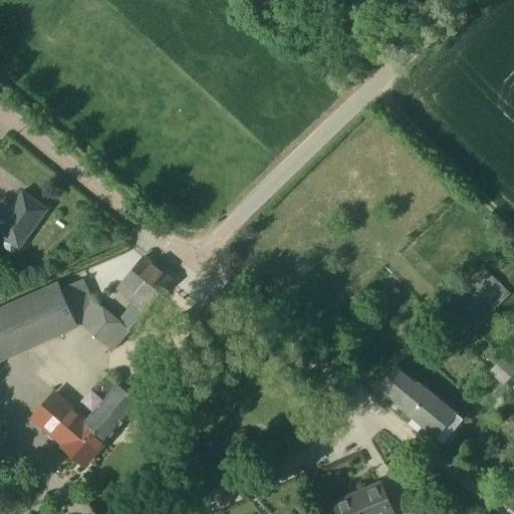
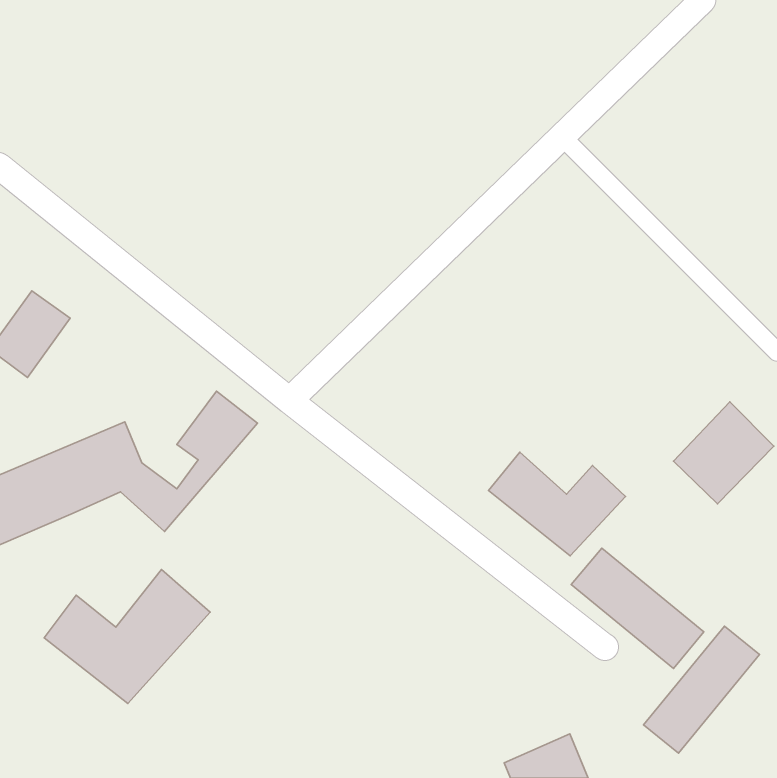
building: none -> [488,452,625,556]
building: none -> [643,626,760,753]

